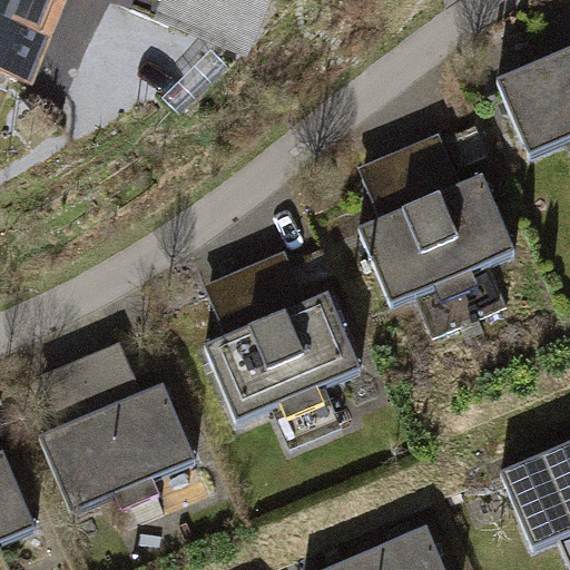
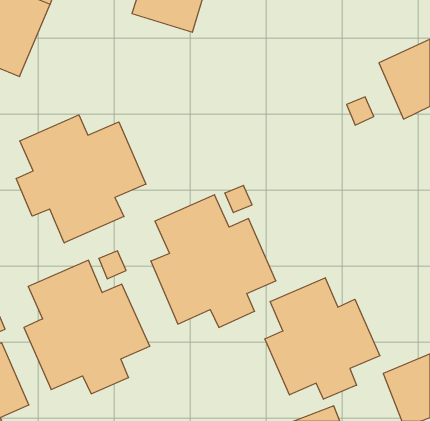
building: [355,139,520,335] -> none
building: none -> [16,115,146,243]
building: none -> [265,278,380,399]

